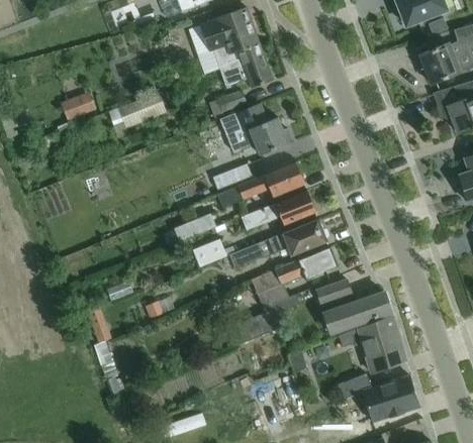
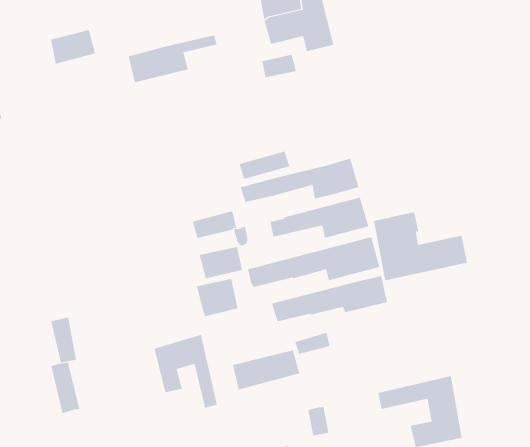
building: [219,103,291,155] -> none
building: none -> [196,278,238,317]
building: [315,280,390,334] -> [373,211,468,281]
building: none -> [154,334,217,408]

